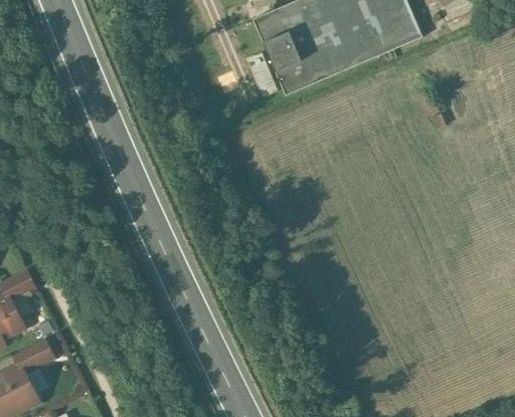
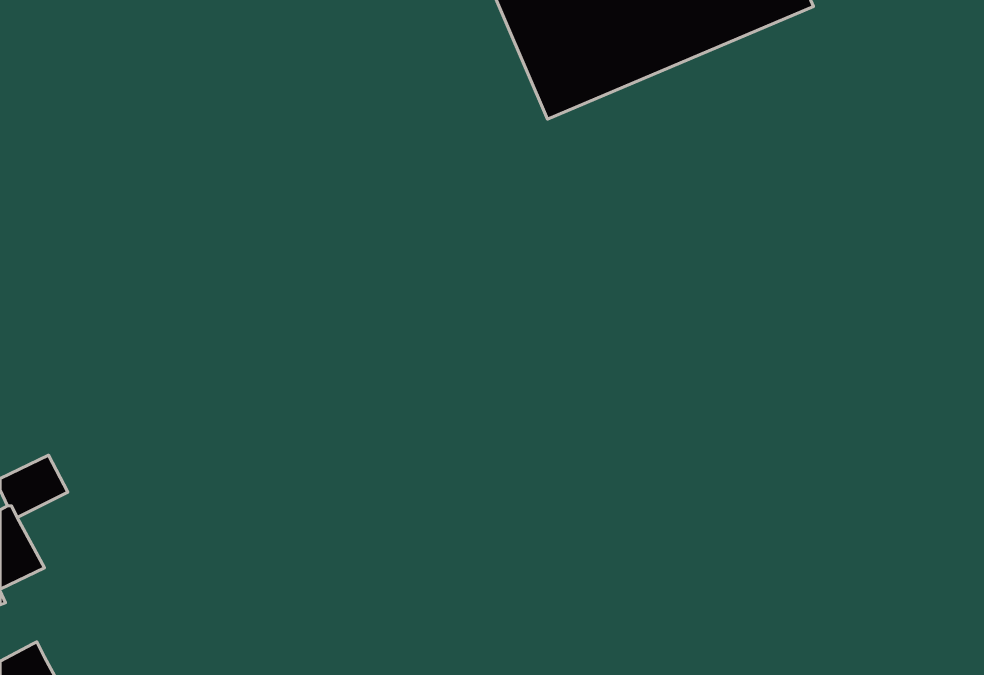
building: [13,340,53,373] -> none

